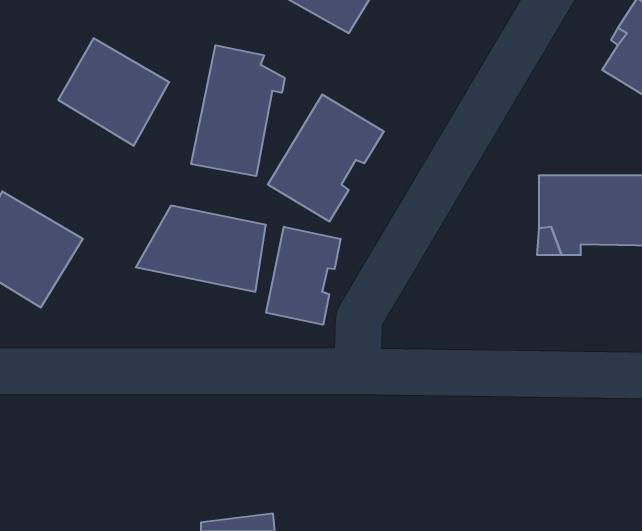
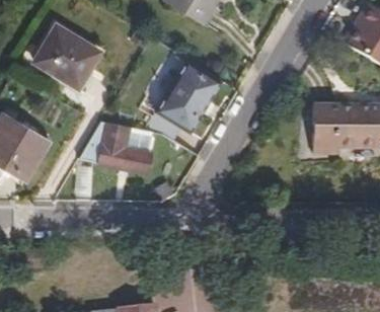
building: [191,45,285,176] -> none
building: [266,227,341,325] -> none

